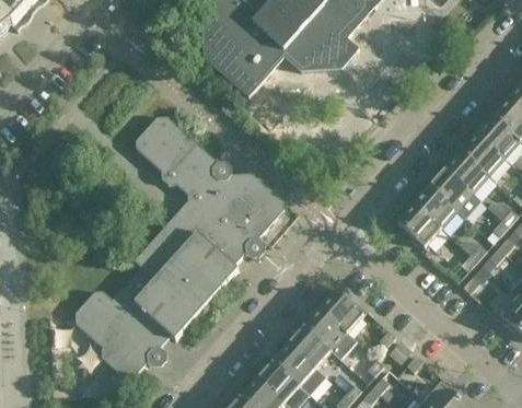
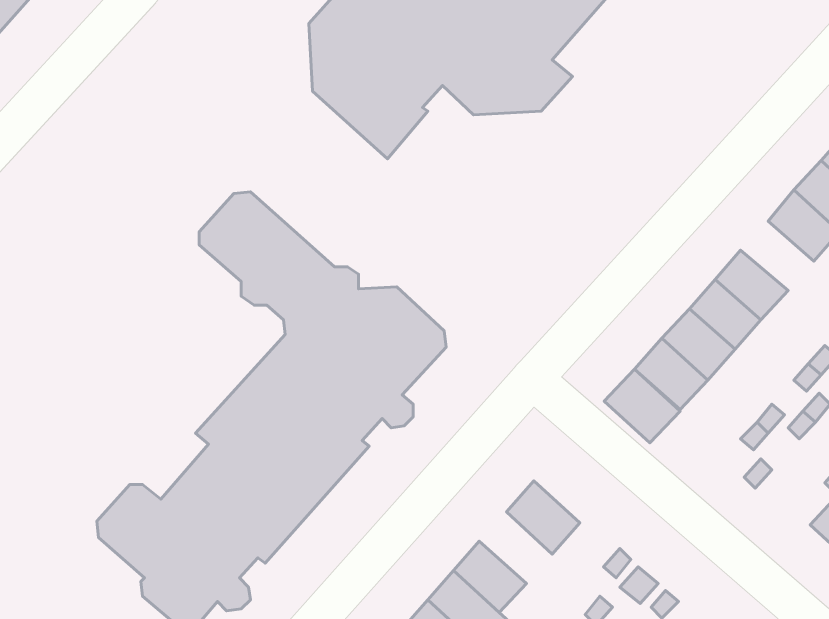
building: [460,135,503,176] -> none
building: none -> [604,369,680,443]
building: [303,308,347,351] -> none

